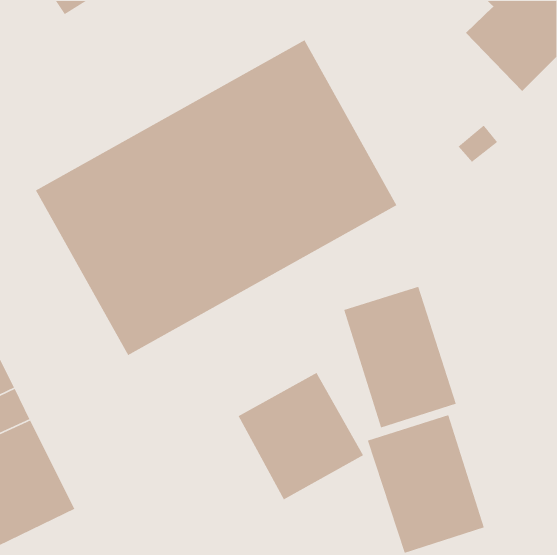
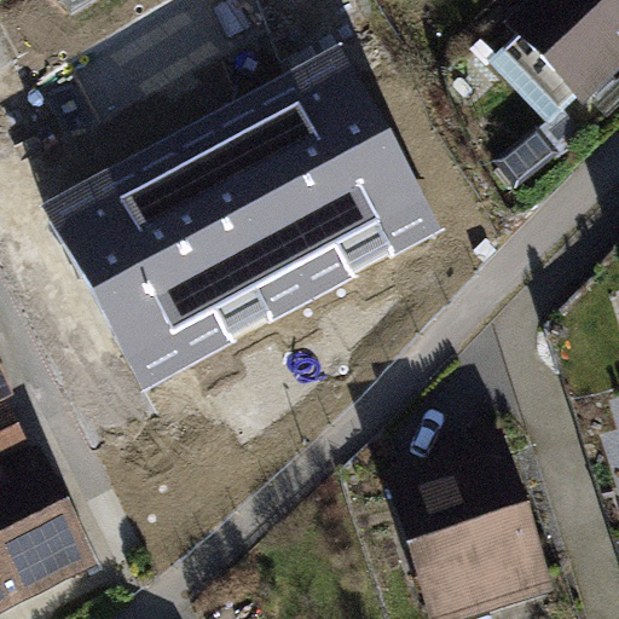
building: [343,286,457,429] -> none
building: [237,372,364,500] -> none

